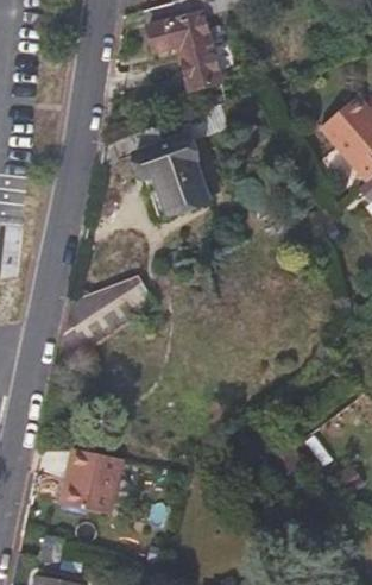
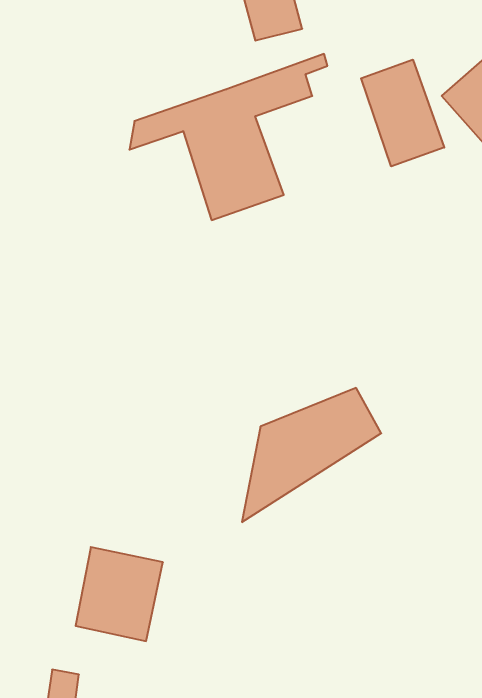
building: none -> [361,60,444,166]
building: [57,273,156,369] -> [242,388,381,522]

